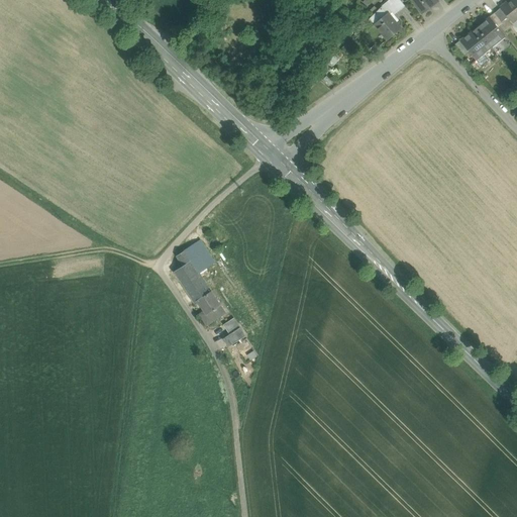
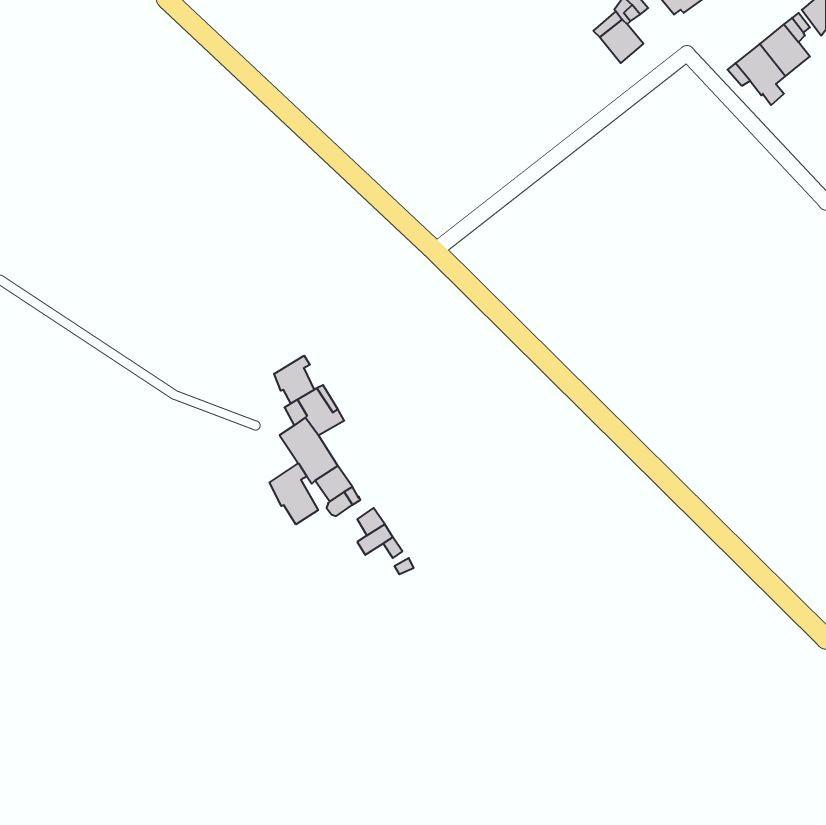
building: none -> [274,356,314,403]
building: none -> [269,463,318,524]

